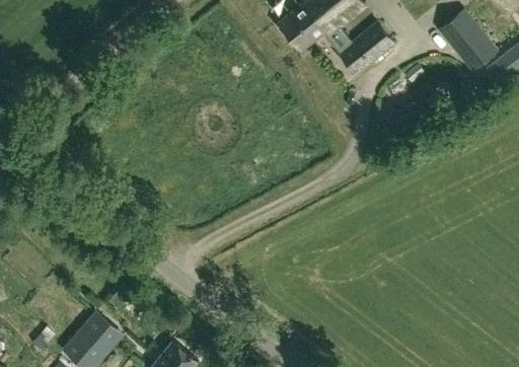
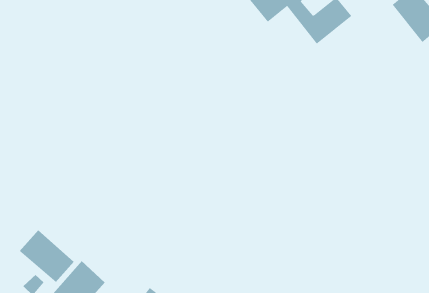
building: none -> [19,229,75,283]

